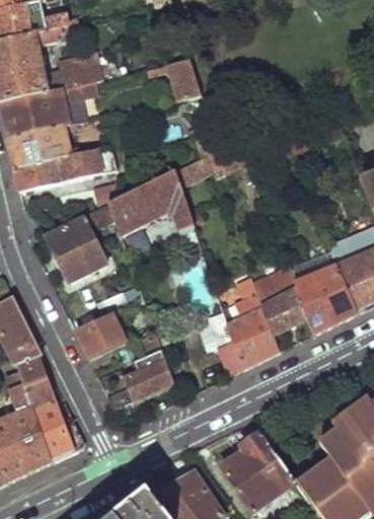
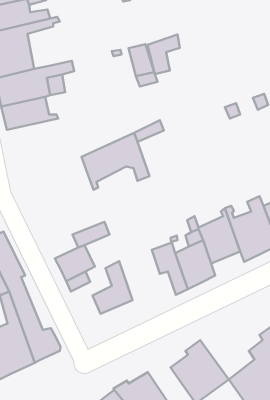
building: none -> [147,35,180,74]
building: [61,50,102,85] -> none
building: [14,146,110,189] -> none
building: [46,201,115,282] -> none

